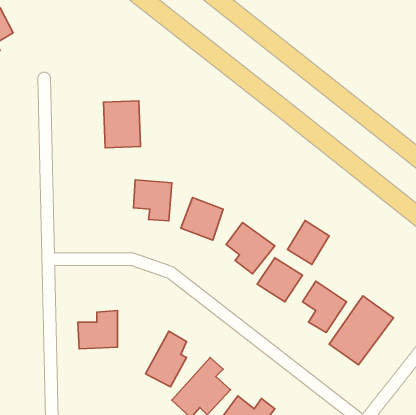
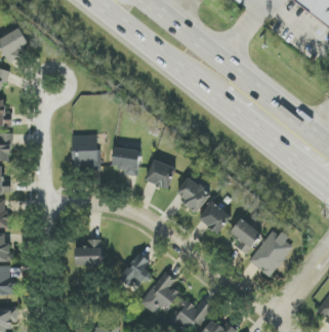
building: [104,101,140,148] -> [71,133,96,166]
building: [288,220,329,265] -> none

